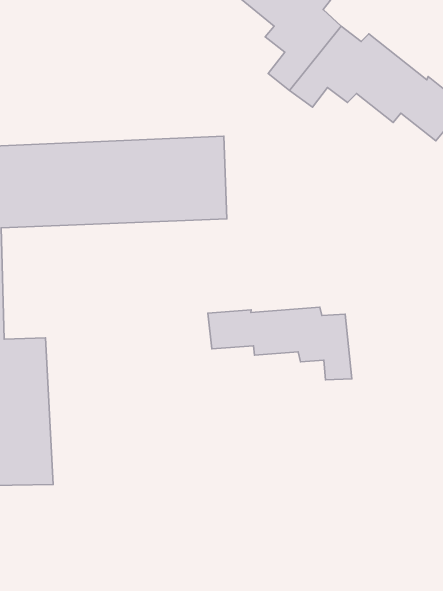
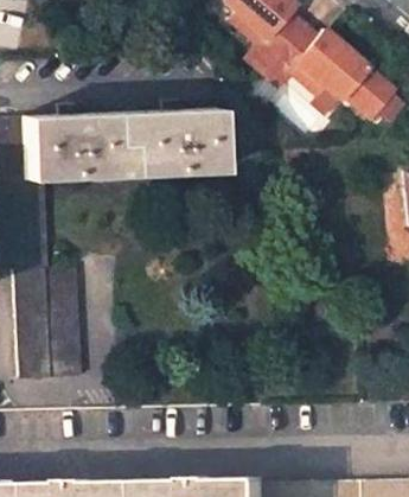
building: [208,307,352,380] -> none

